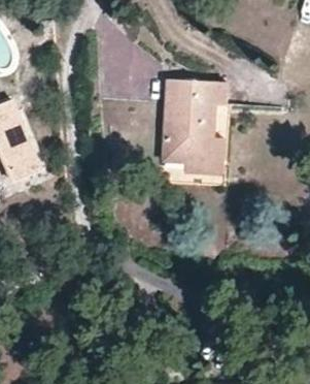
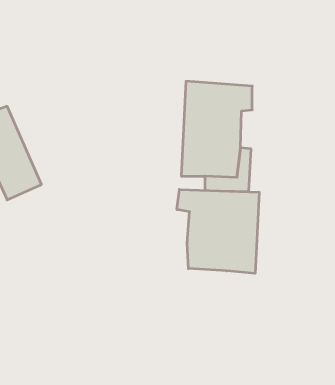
building: none -> [177,189,259,273]

